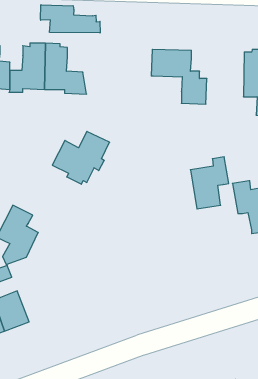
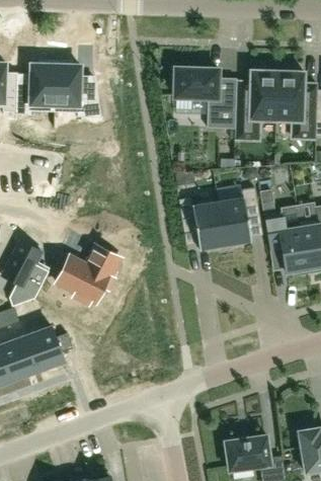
building: [41,5,100,33] -> none
building: none -> [234,67,276,140]
building: [52,131,110,184] -> [56,246,119,305]
building: none -> [178,197,224,250]
building: none -> [24,327,64,371]

